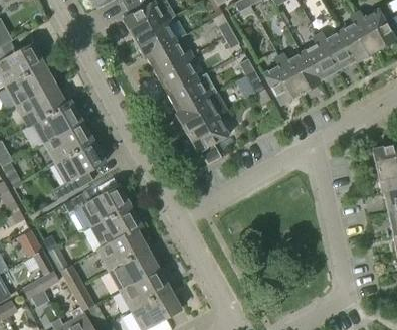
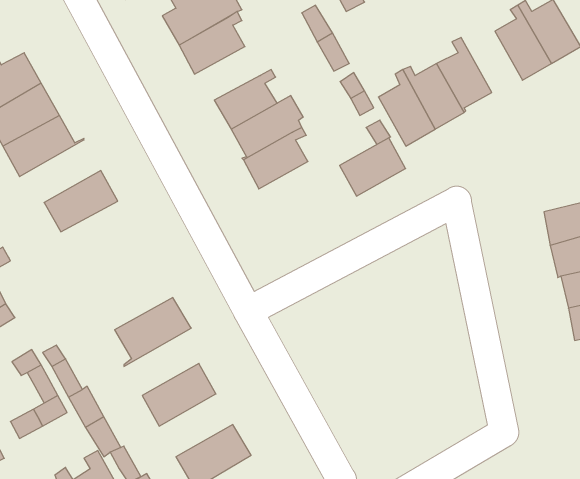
building: [318,30,358,70] -> none
building: [143,40,193,75] -> none
building: [28,102,81,143] -> none
building: [185,116,228,154] -> [340,138,406,196]
building: [52,142,105,200] -> none
building: [63,185,129,226] -> none
building: [96,225,146,270] -> none
building: [120,269,168,310] -> none

